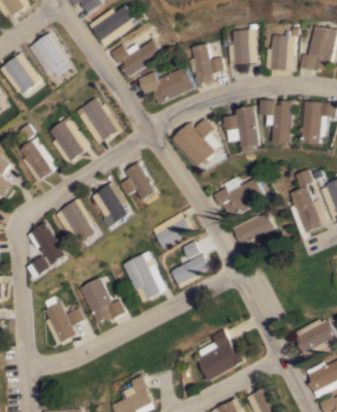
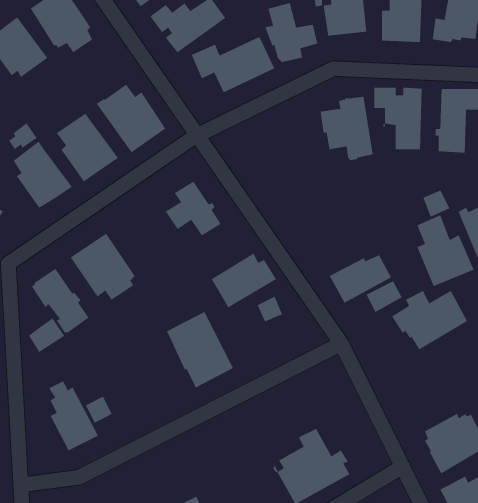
building: [174,118,222,166] -> none
building: [213,177,265,217] -> [391,290,468,350]
building: [93,181,131,228] -> none
building: [170,253,212,288] -> none
building: [78,277,126,323] -> none

